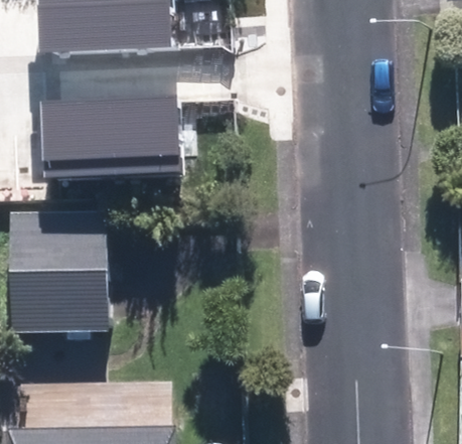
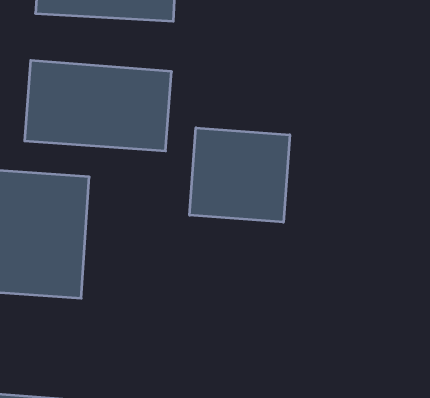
building: none -> [190,128,290,222]

